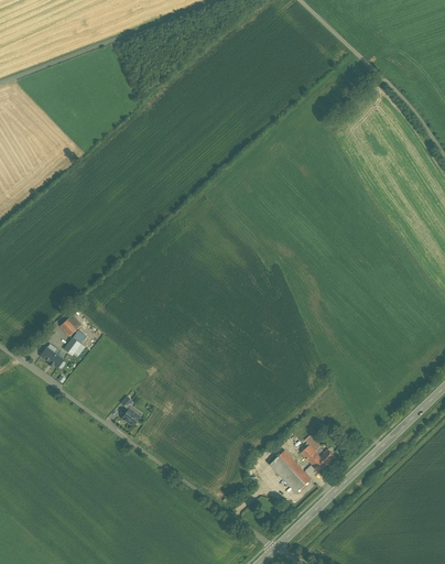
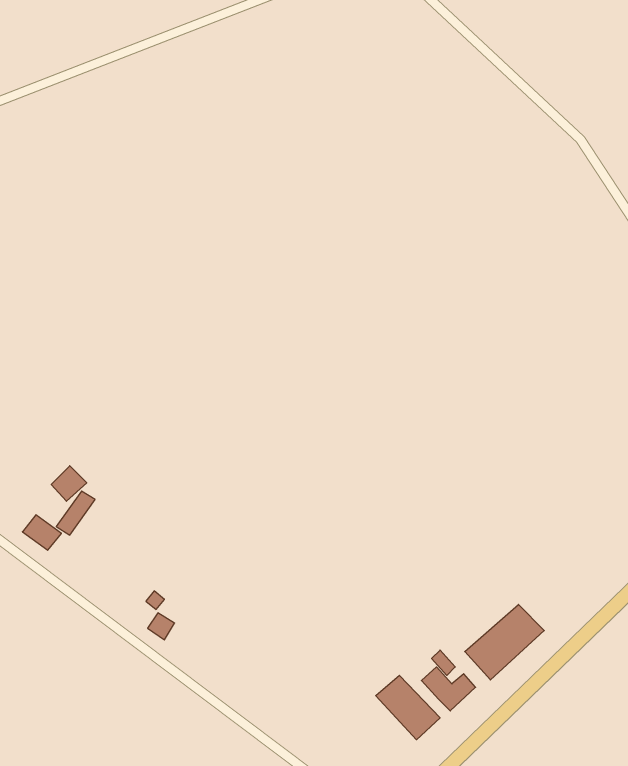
building: none -> [465,604,544,680]

